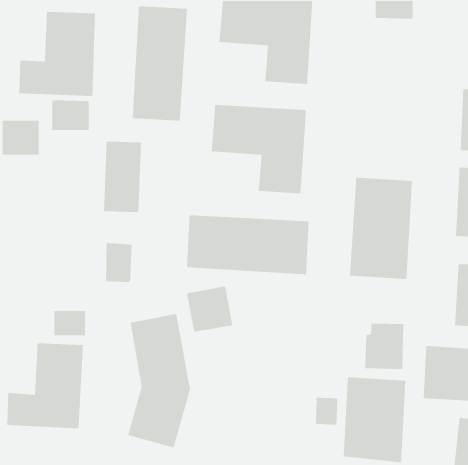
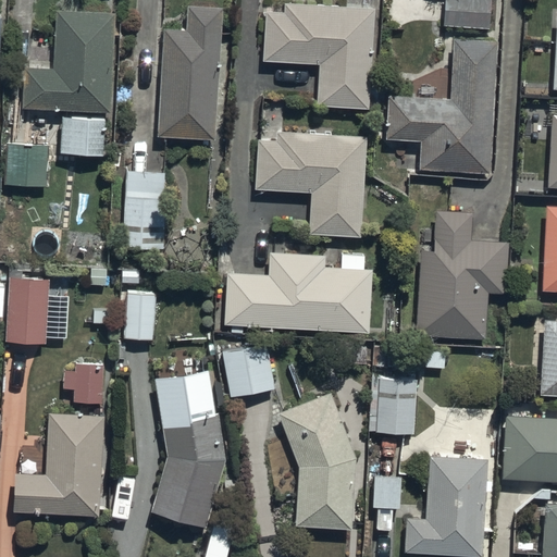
building: none -> [387,36,495,172]
building: none -> [10,277,64,344]
building: [364,323,404,370] -> [371,381,418,436]
building: none -> [276,394,355,530]

